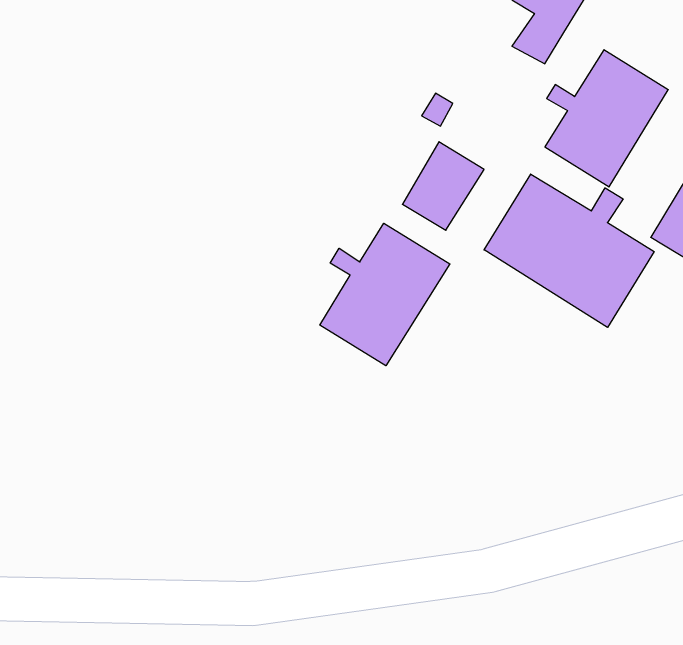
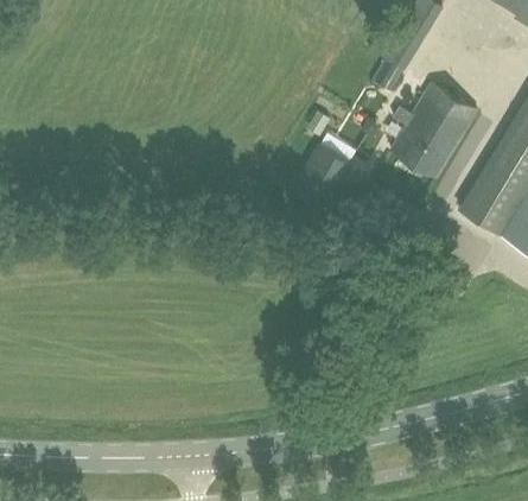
building: [484,174,654,327] -> none
building: [320,223,450,366] -> none

